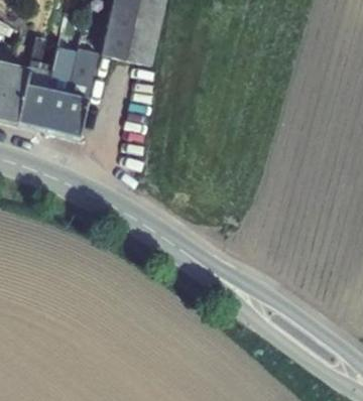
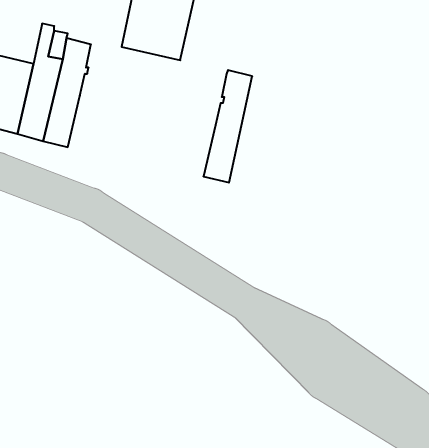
building: [58,47,99,140] -> [203,70,252,183]

